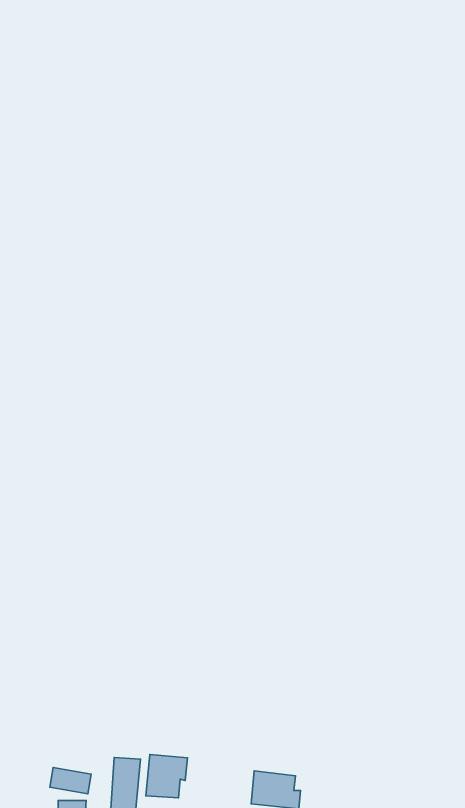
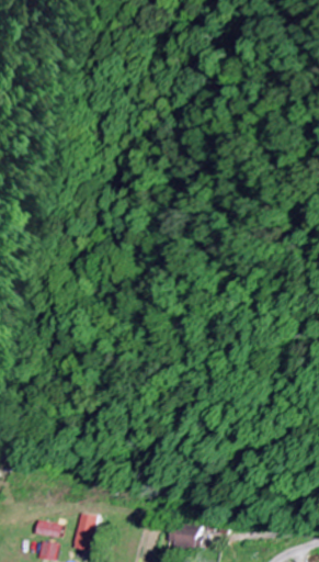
building: [146,754,187,798] -> none

